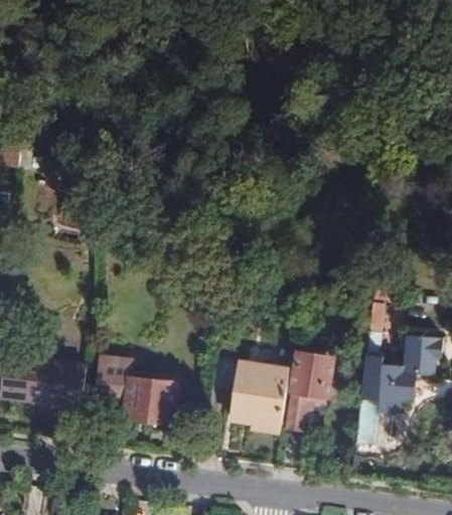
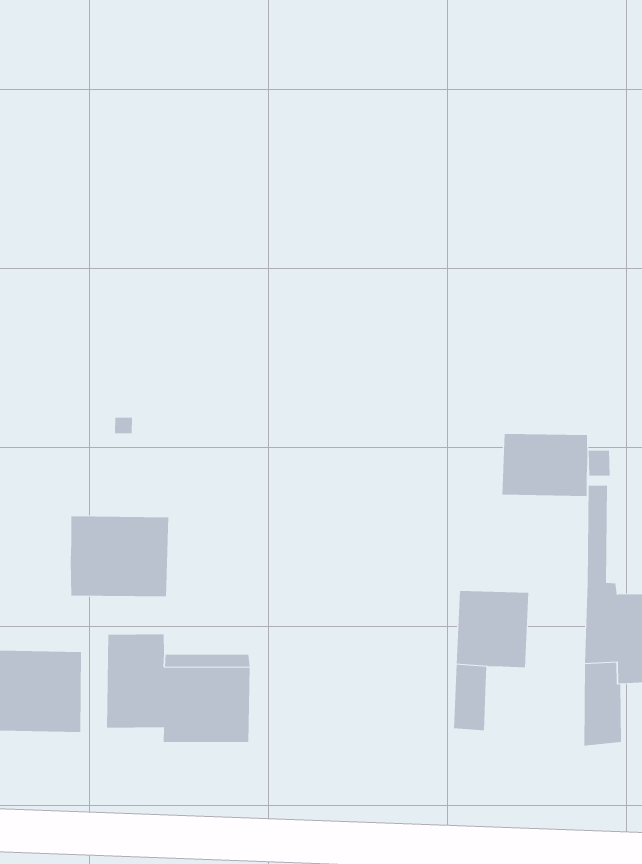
building: none -> [502,433,588,497]
building: none -> [70,516,169,597]
building: [231,361,288,427] -> none

